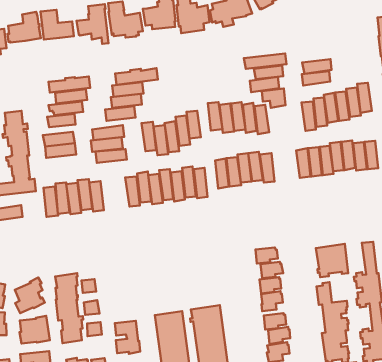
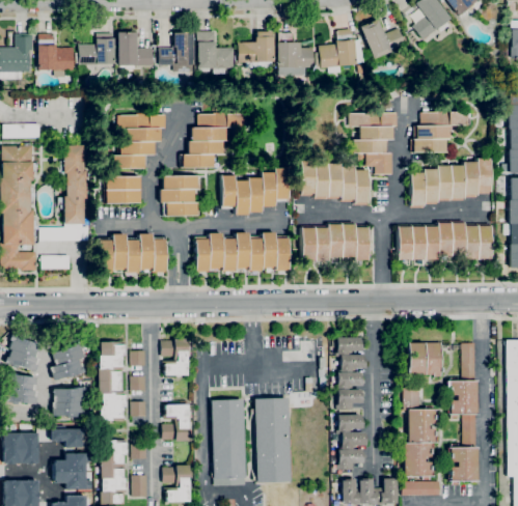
building: none -> [421,110,470,125]
building: none -> [162,338,189,375]

